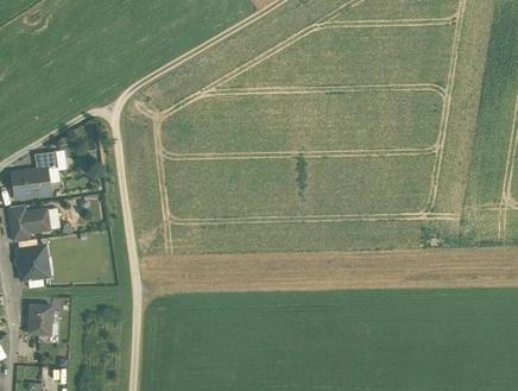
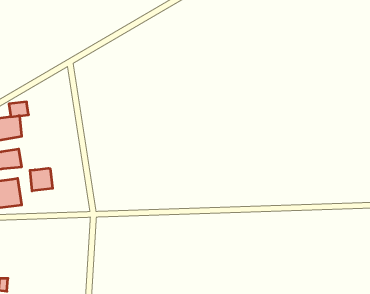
building: none -> [30,168,53,191]
building: [27,305,51,335] -> none

